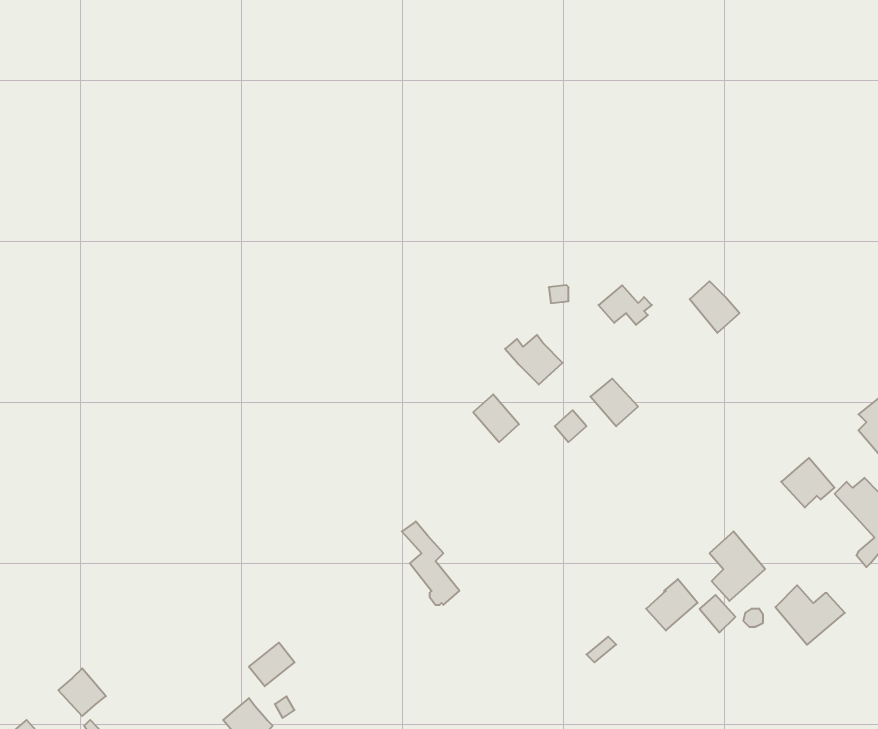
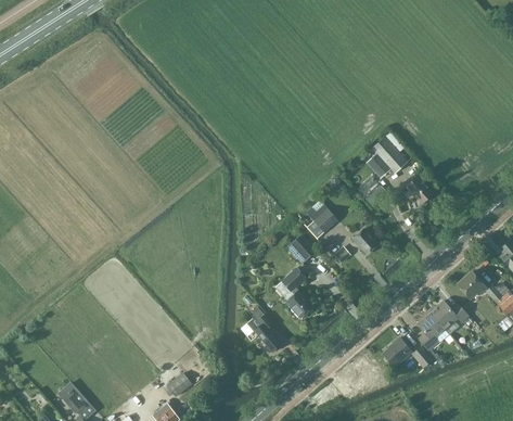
building: none -> [370,136,409,175]
building: none -> [275,268,315,319]
building: [775,585,845,645] -> [432,299,470,332]

